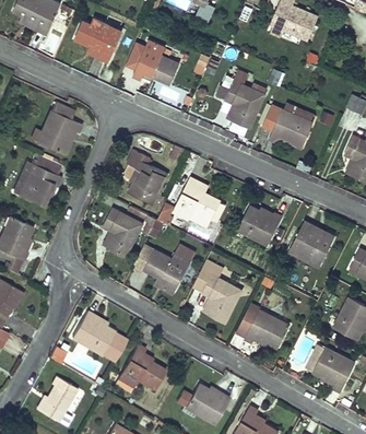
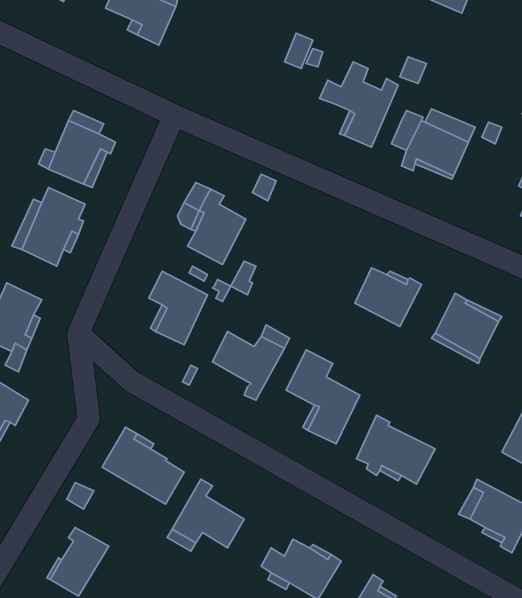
building: [133,40,180,84] -> none
building: [174,178,220,221] -> none

